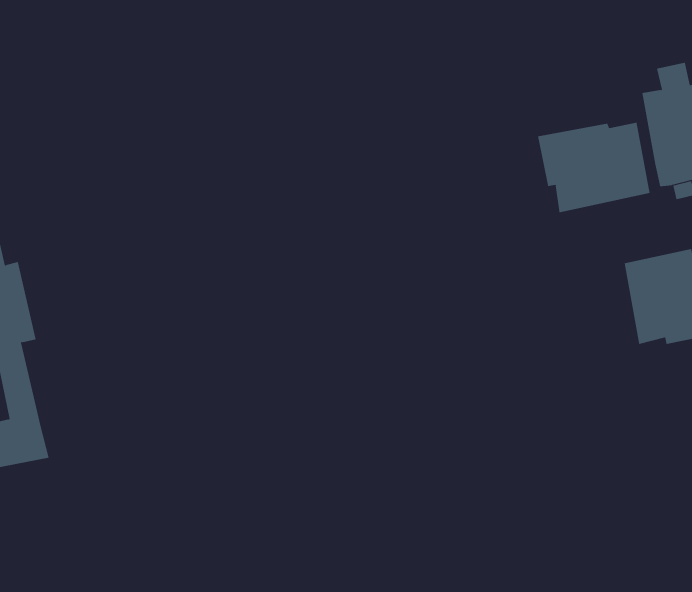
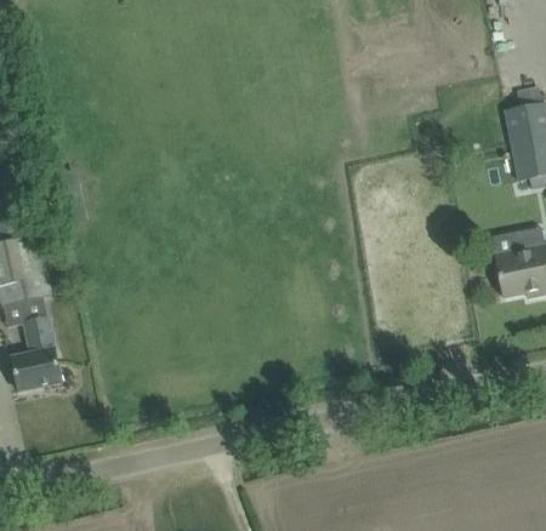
building: [537,122,650,213] -> none

